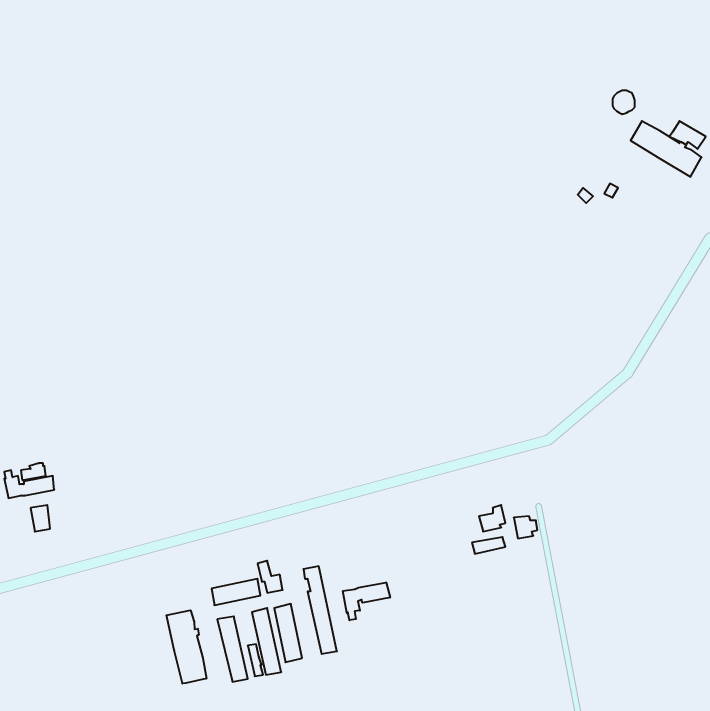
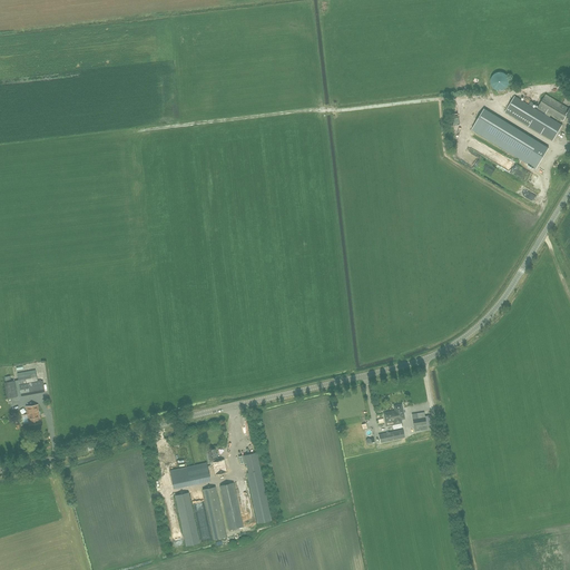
building: none -> [472,109,548,168]
building: [343,582,390,620] -> none
building: [166,610,206,684] -> none

